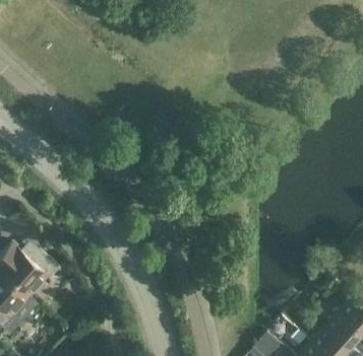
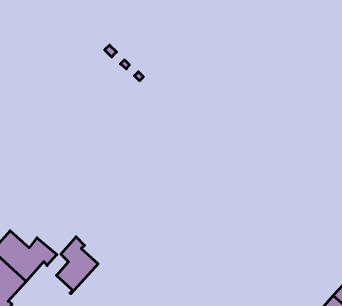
building: none -> [56,237,98,294]

